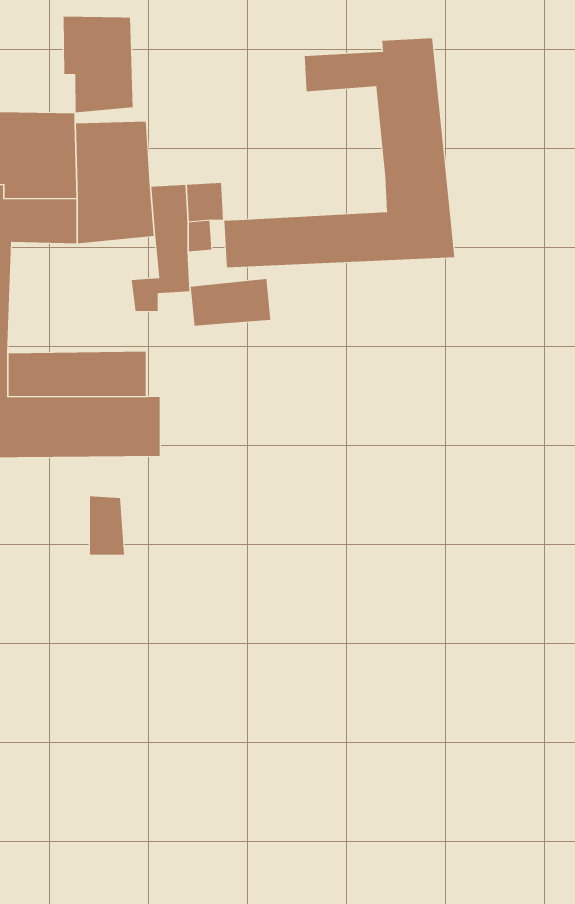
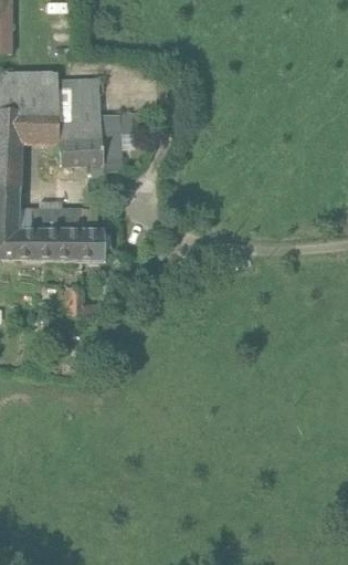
building: [63,16,133,113] -> none
building: [224,37,455,268] -> none
building: [190,279,271,326] -> [60,139,105,166]

